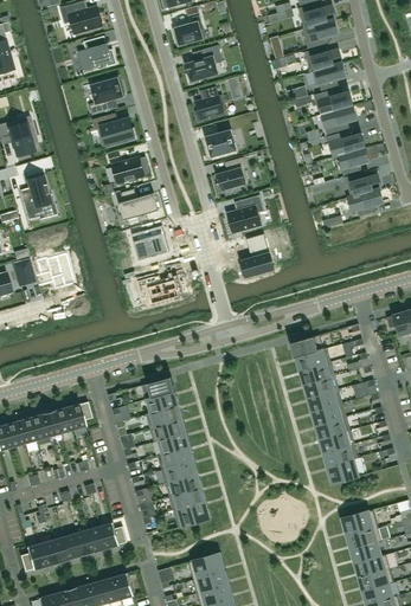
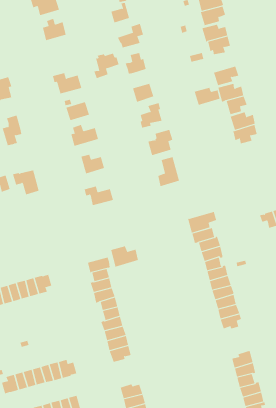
building: [89,78,126,115] -> [94,53,119,79]
building: [315,89,353,115] -> [194,87,221,106]
building: none -> [187,211,217,233]
building: none -> [110,246,138,267]

